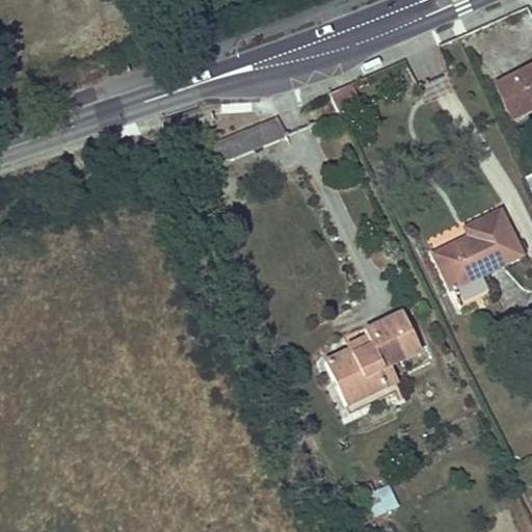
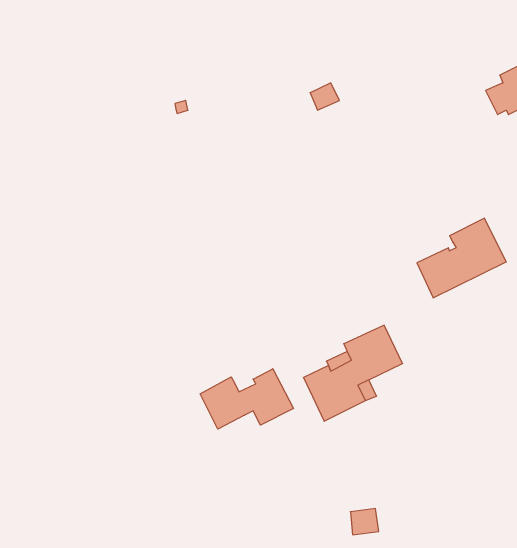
building: [215,118,287,157] -> none
building: none -> [200,369,293,429]

